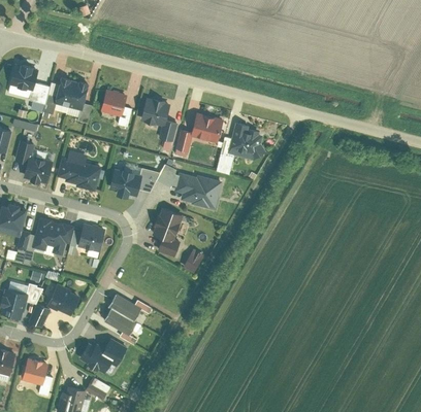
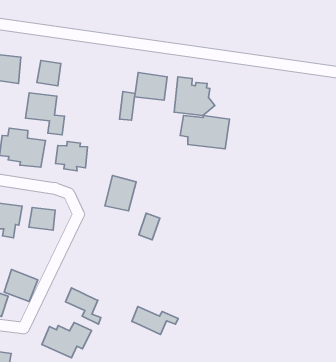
building: [139,97,176,140] -> [25,93,64,135]
building: [173,173,222,209] -> [180,115,230,149]
building: [107,294,152,322] -> [132,307,178,335]

